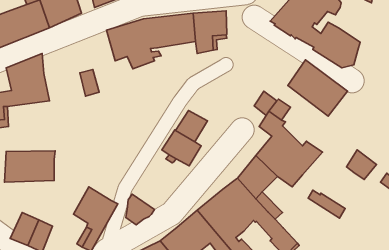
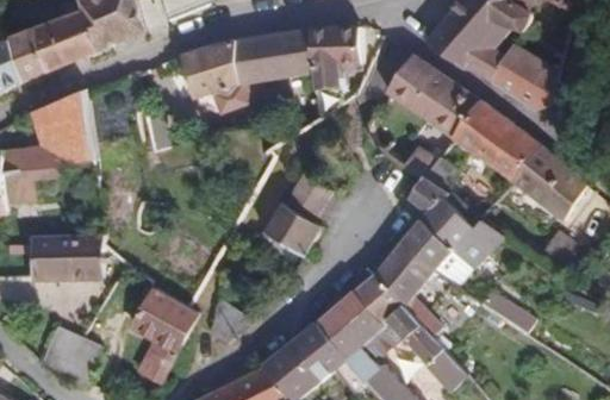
building: none -> [384,55,477,137]
building: none -> [510,145,584,220]

